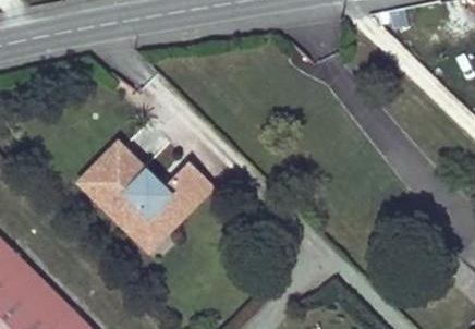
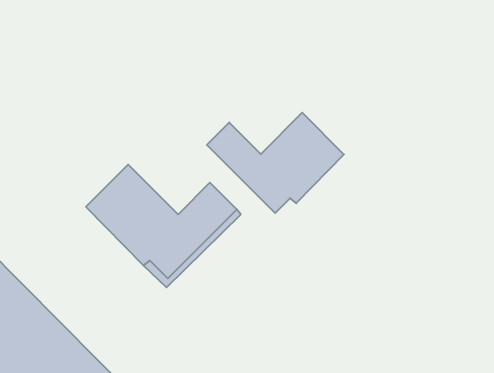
building: none -> [207,113,344,213]

